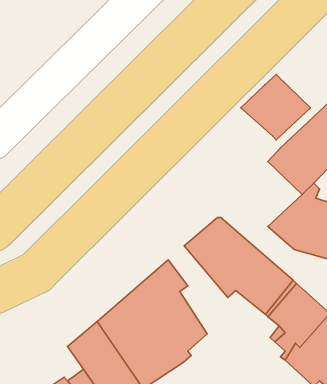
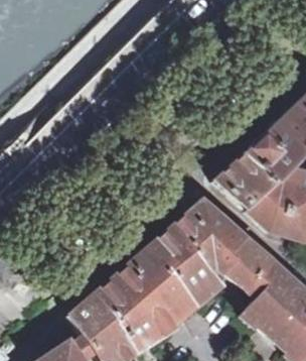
building: [241,75,311,140] -> [215,152,277,210]
building: none -> [159,227,223,309]

